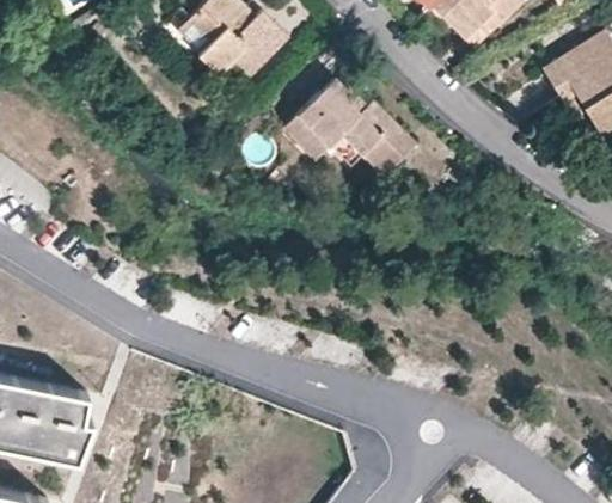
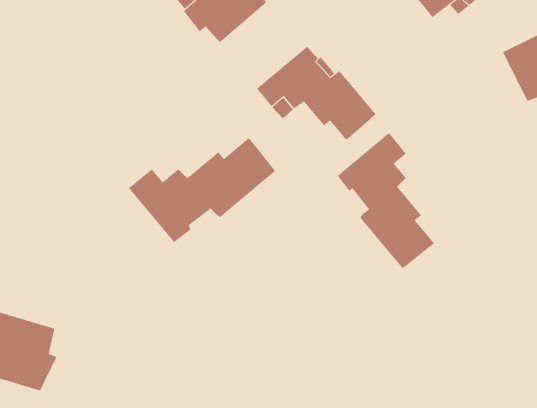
building: none -> [337,132,435,269]
building: none -> [128,137,276,243]

